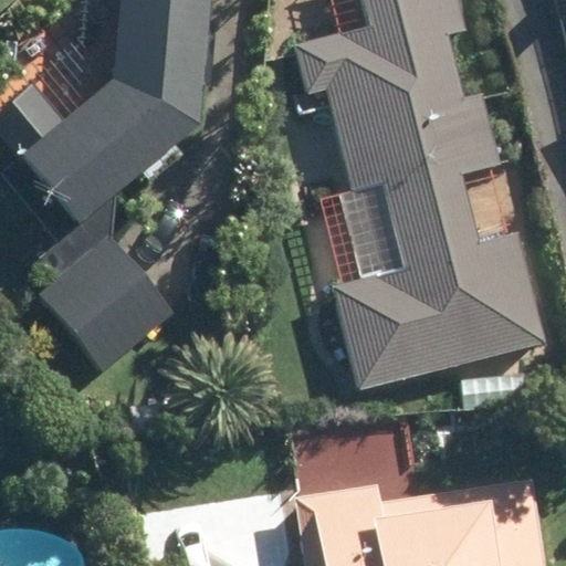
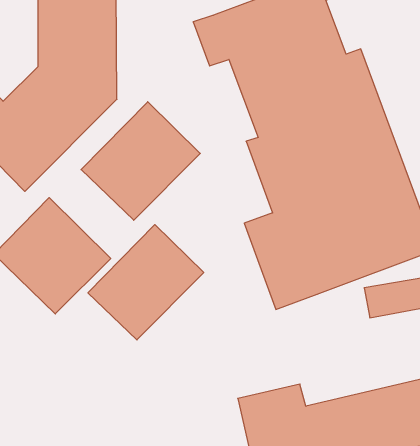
building: none -> [81,102,200,220]
building: none -> [88,225,204,340]

